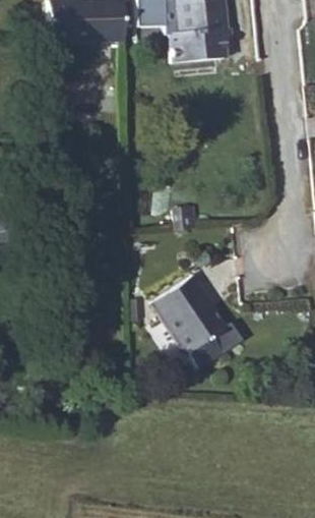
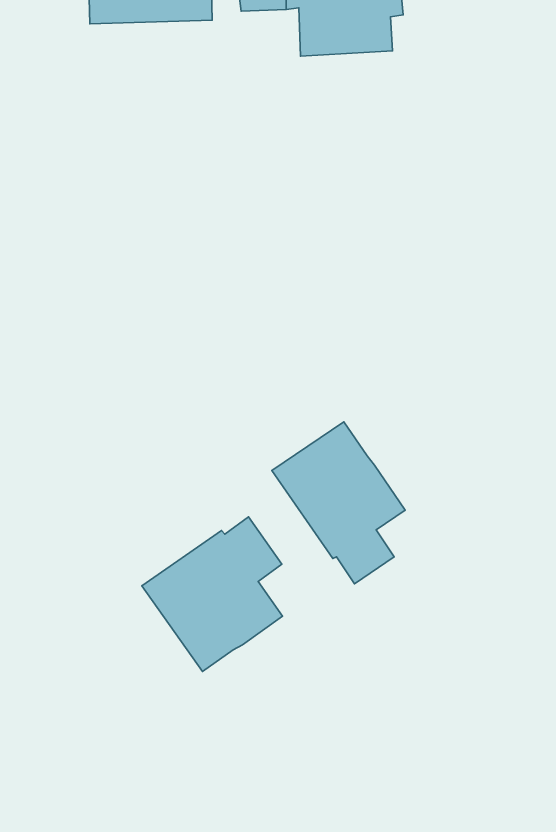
building: none -> [142,517,282,672]

